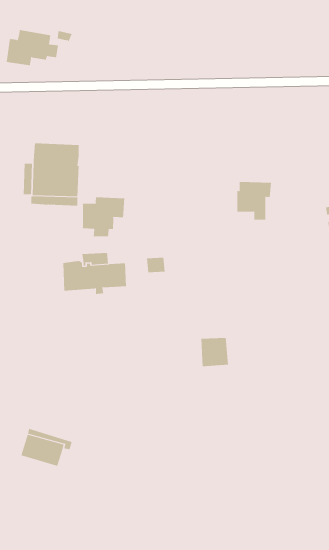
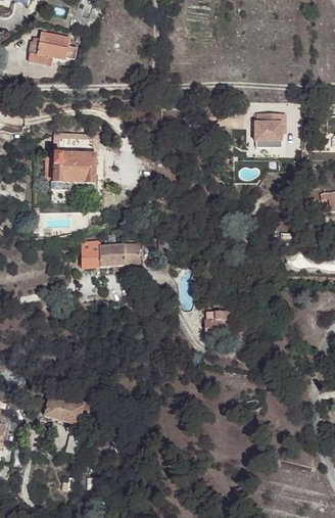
building: [237,181,272,220] -> [255,111,287,146]
building: [82,196,125,237] -> none

